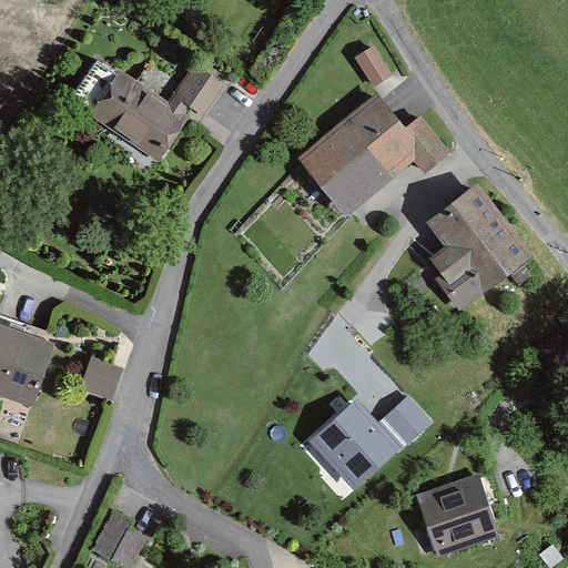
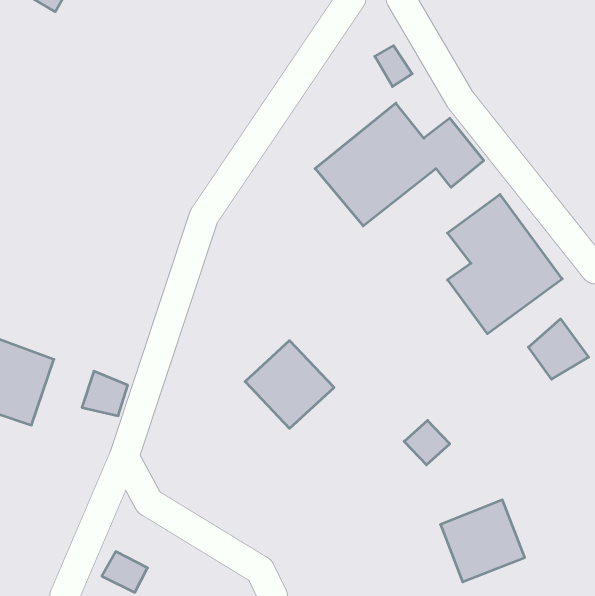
building: [93,63,231,158] -> none
building: none -> [528,319,589,379]
building: [311,400,395,484] -> [245,341,334,428]

